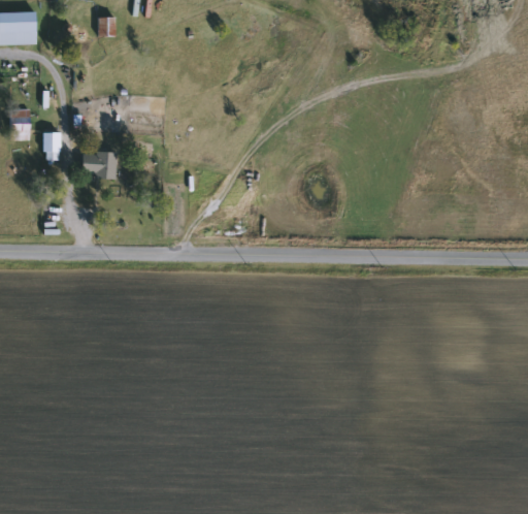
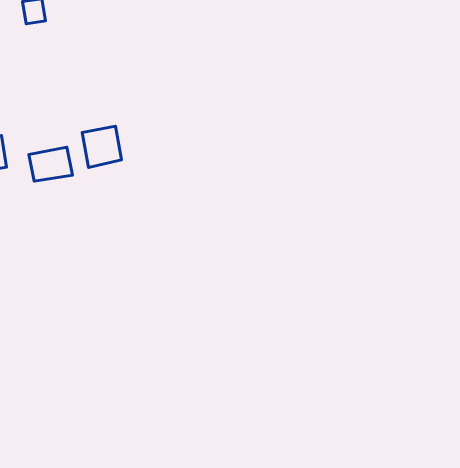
building: none -> [82,126,122,168]

